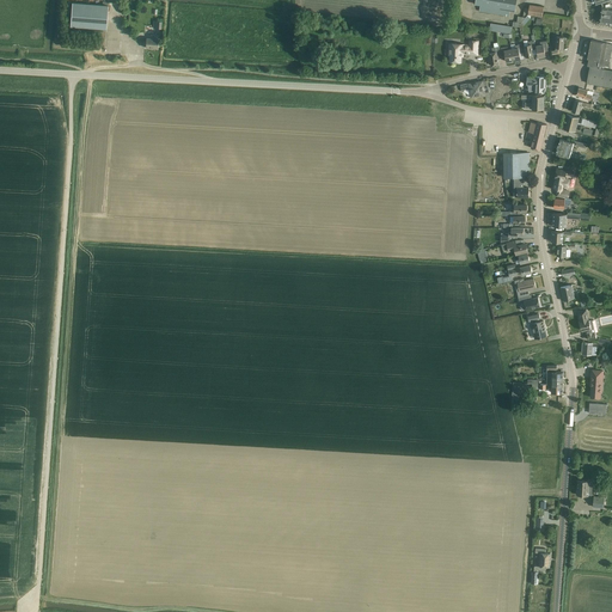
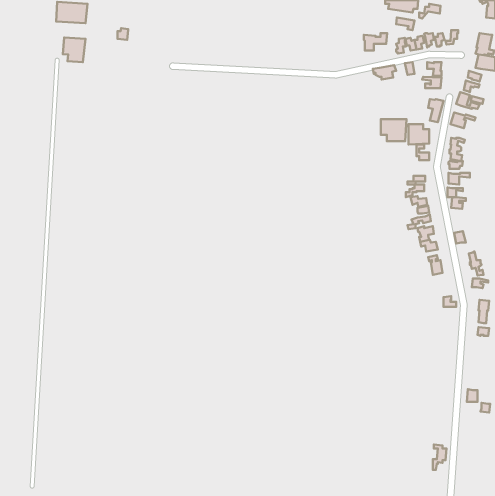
building: none -> [63,38,85,62]
building: none -> [381,119,407,141]

